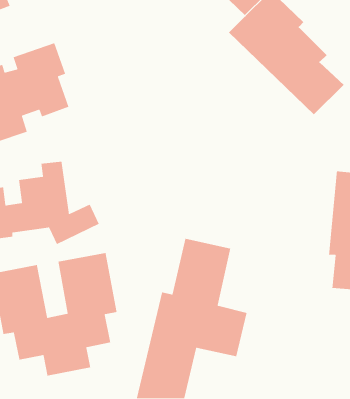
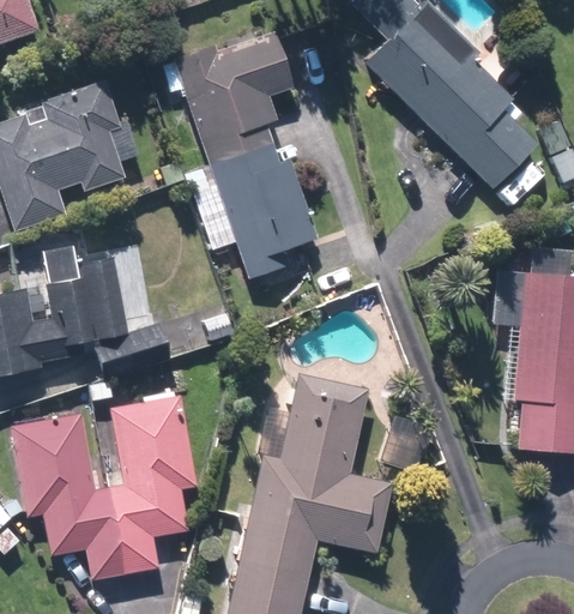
building: none -> [163,32,321,281]

